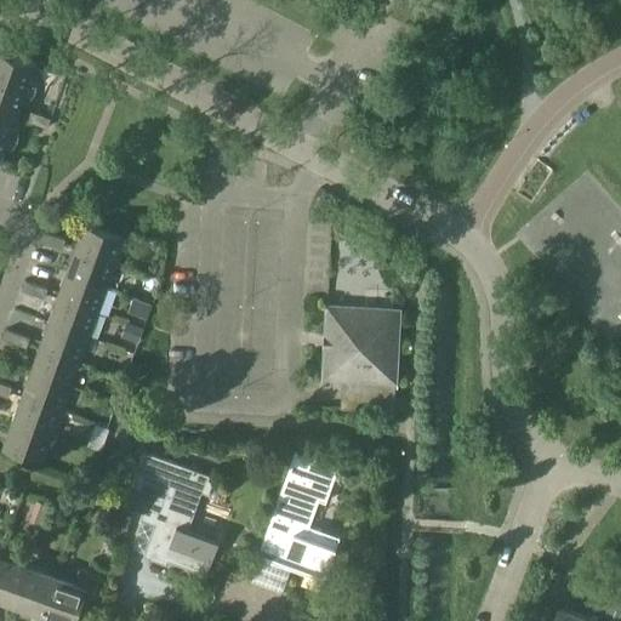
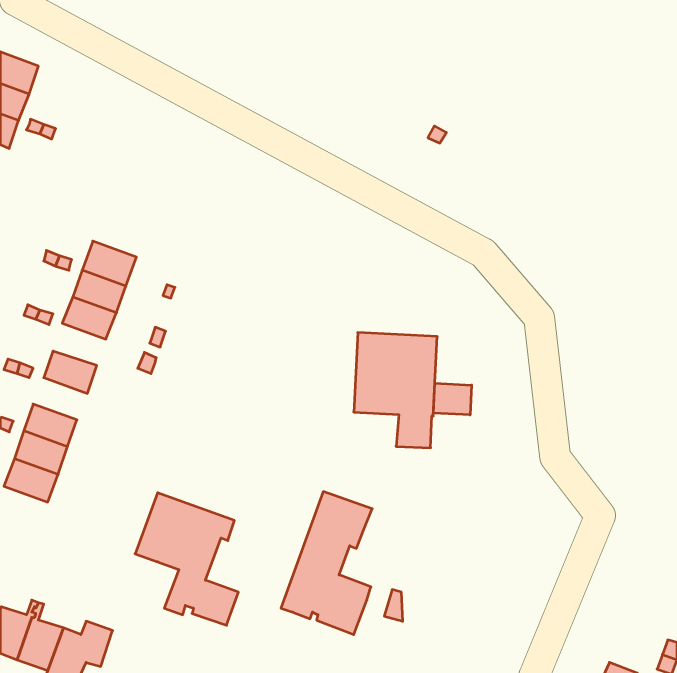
building: [49,300,97,338] -> none
building: [30,349,80,388] -> none
building: none -> [433,383,472,415]

